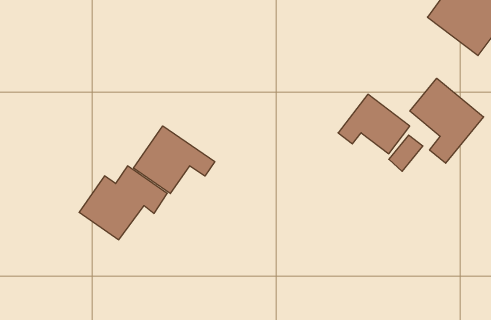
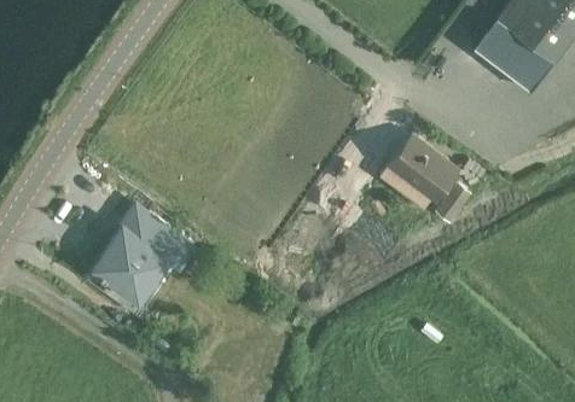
building: [410,78,484,163] -> none
building: [134,126,215,194] -> none

